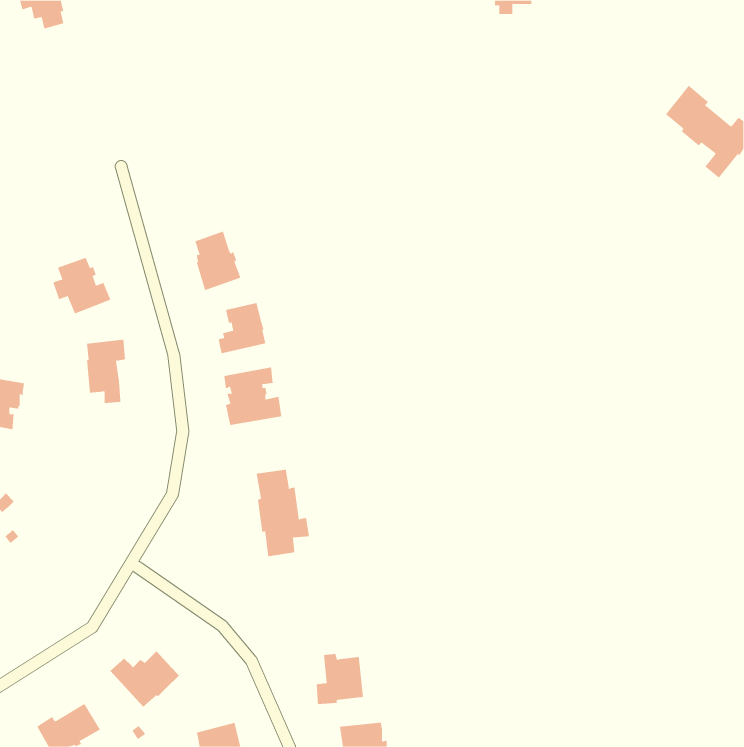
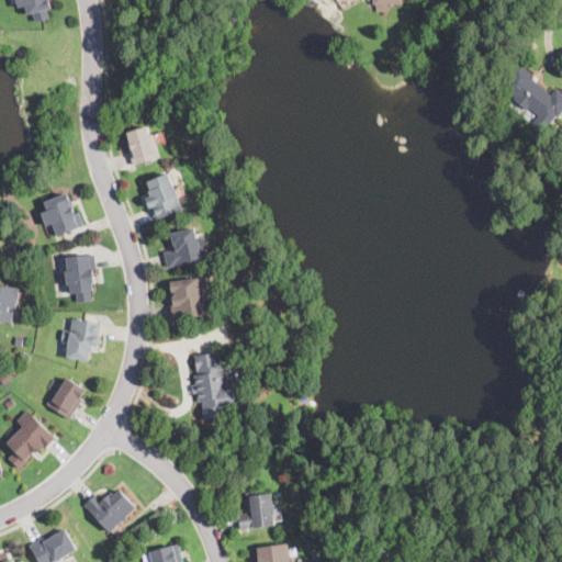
building: none -> [127,127,157,164]
building: none -> [59,317,101,361]
building: none -> [45,376,83,419]
building: none -> [5,411,54,470]

